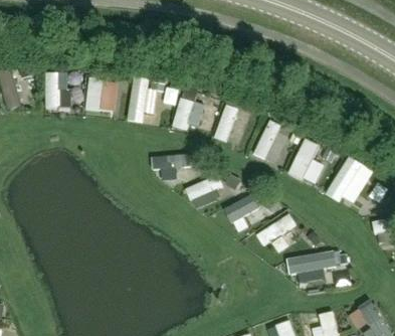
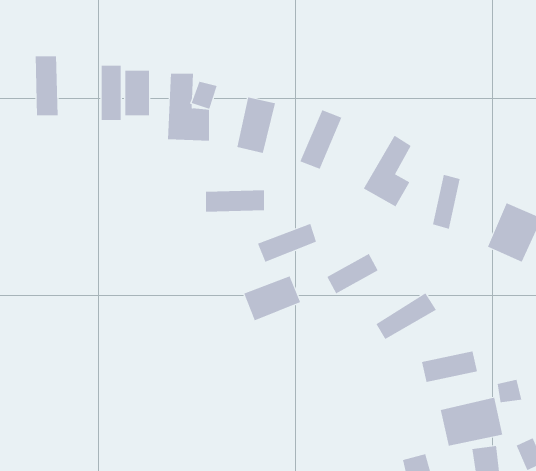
building: none -> [244,276,301,321]
building: none -> [440,397,503,446]

